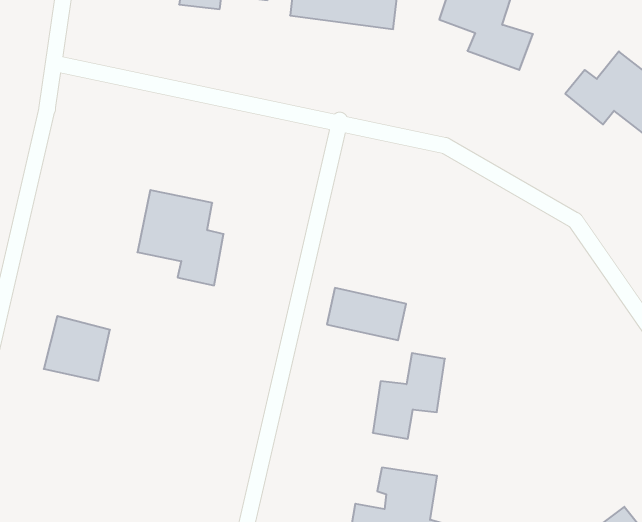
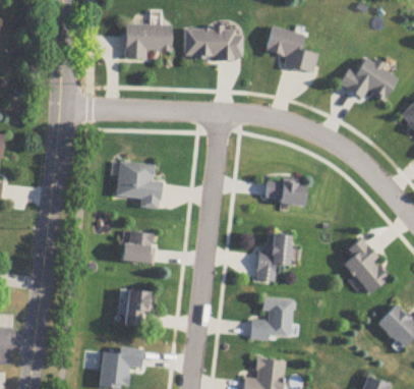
building: [327,288,406,340] -> [263,179,305,204]
building: [44,316,110,381] -> [121,230,155,263]
building: none -> [344,243,389,293]
building: none -> [126,290,146,325]

